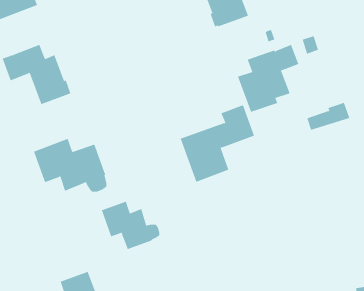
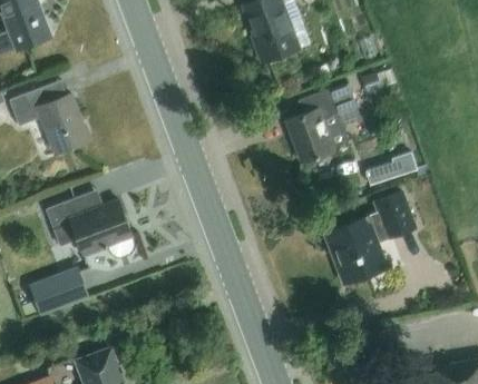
building: [180,104,255,182] -> [329,190,417,282]
building: [101,201,160,250] -> none
building: none -> [32,268,89,314]

